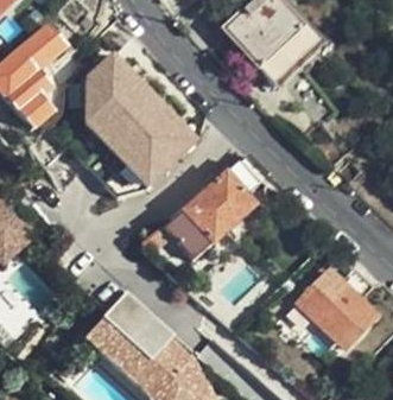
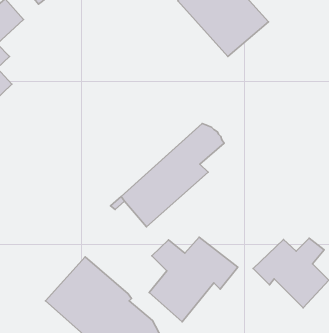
building: [57,53,189,185] -> none
building: none -> [149,237,238,322]

